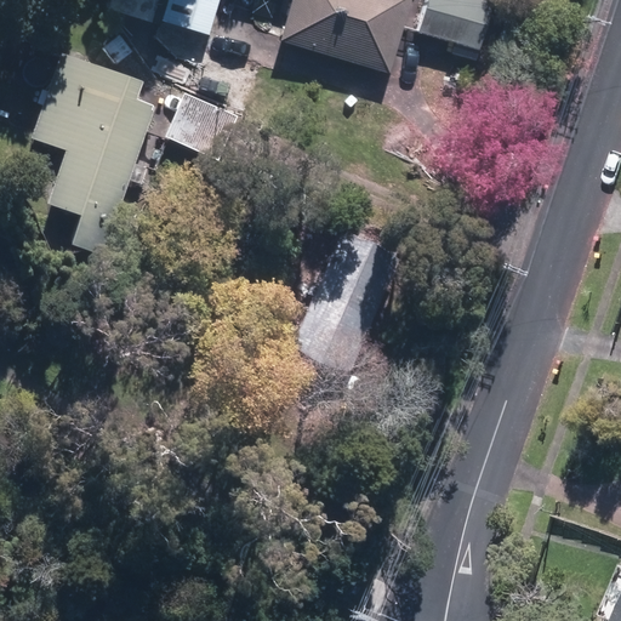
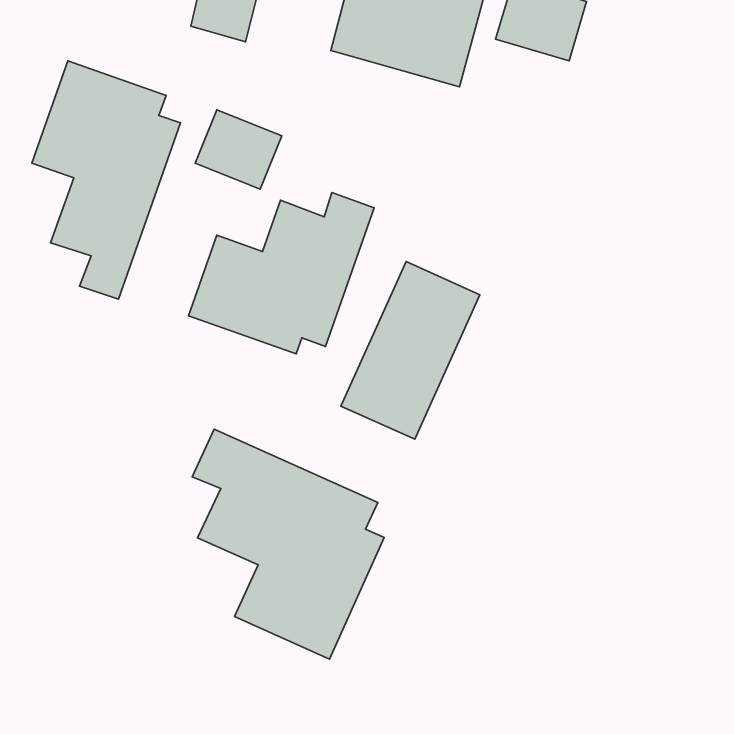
building: none -> [188,192,374,354]
building: none -> [192,429,384,659]

